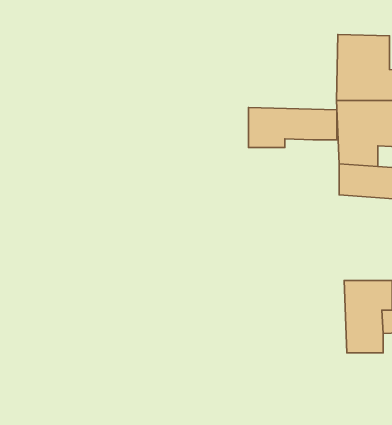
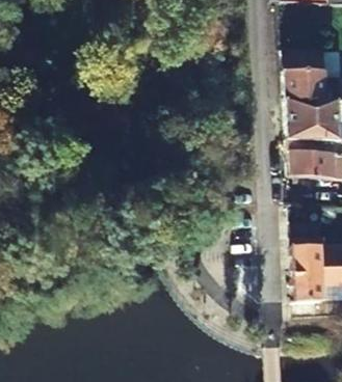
building: [248,108,337,148] -> none

